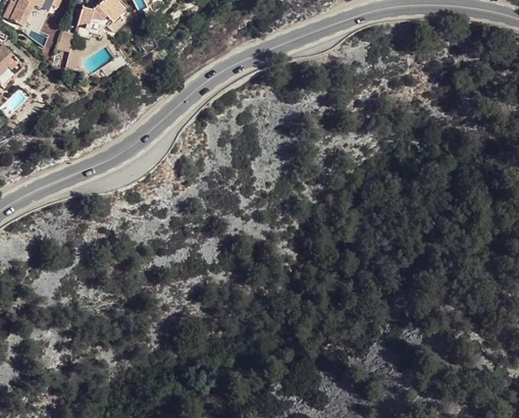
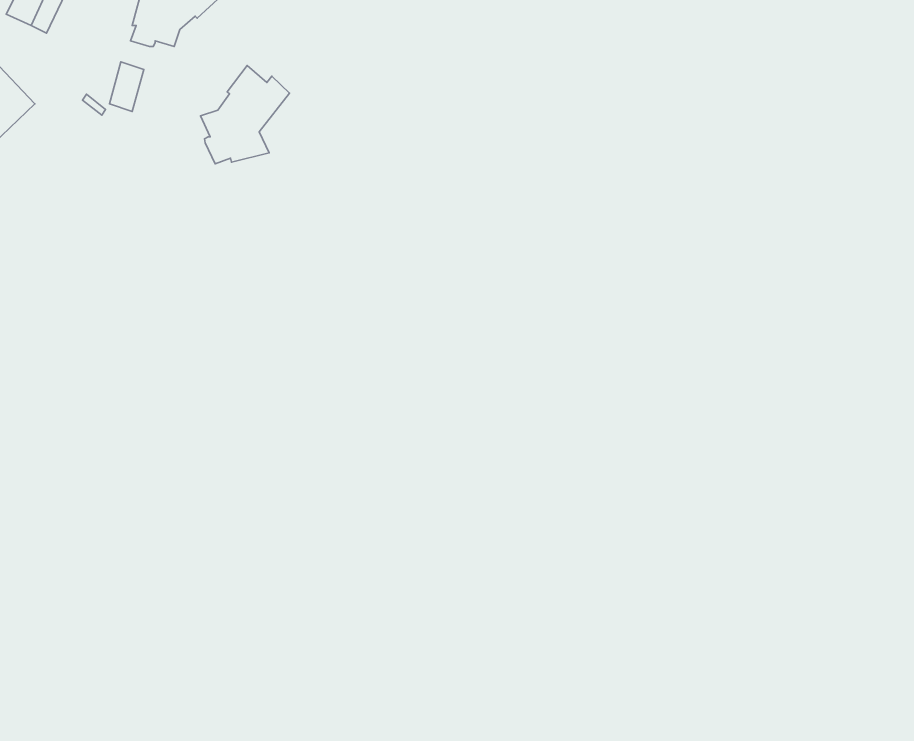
building: none -> [200,65,289,164]

